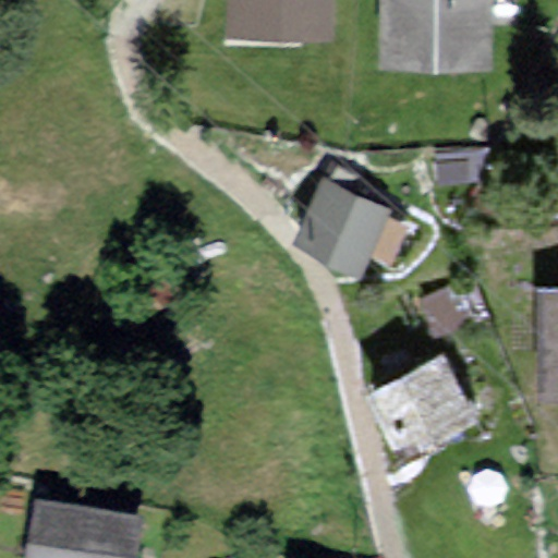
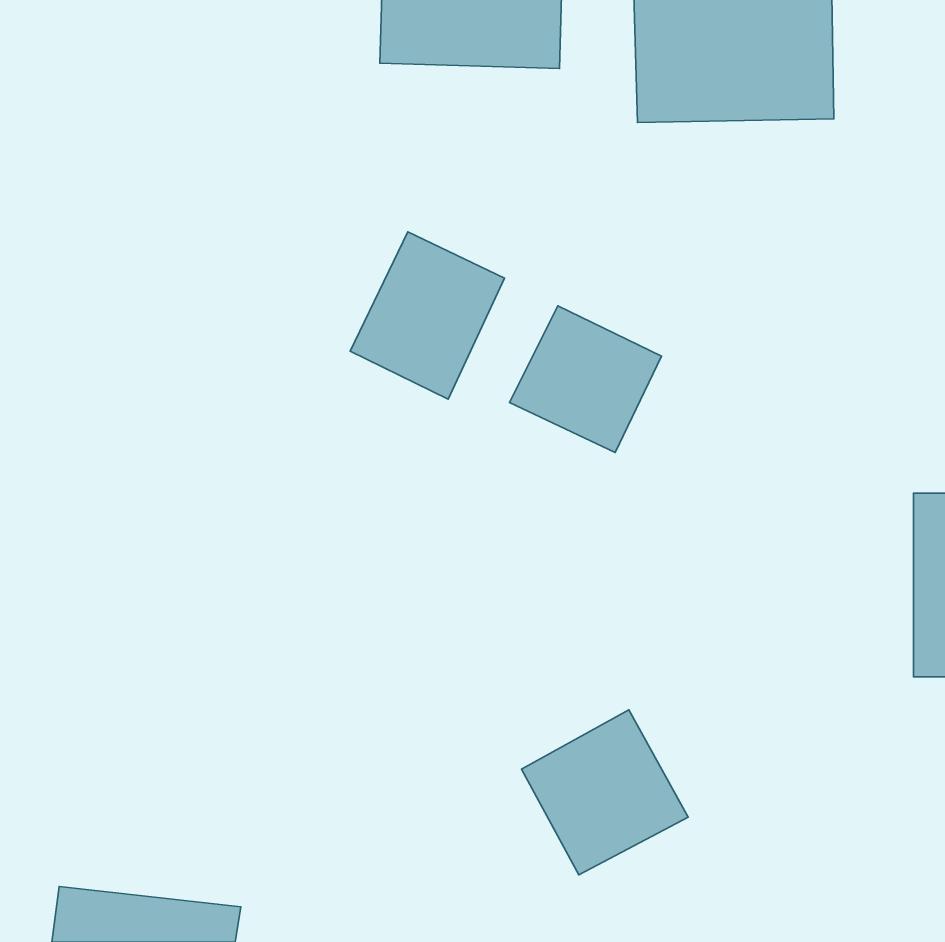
building: none -> [350,232,504,399]
building: [376,356,474,453] -> [521,710,688,875]

